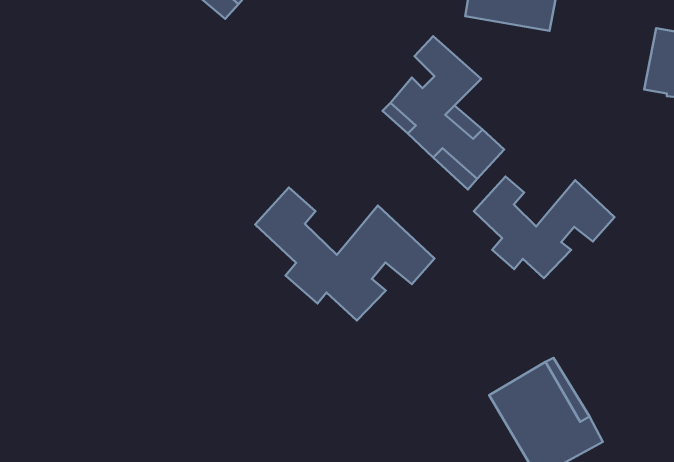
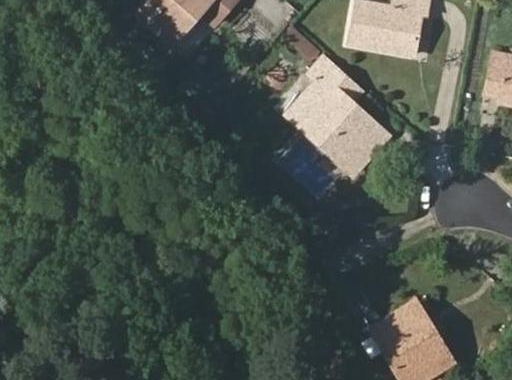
building: [474,176,614,278] -> none
building: [255,188,435,320] -> none

